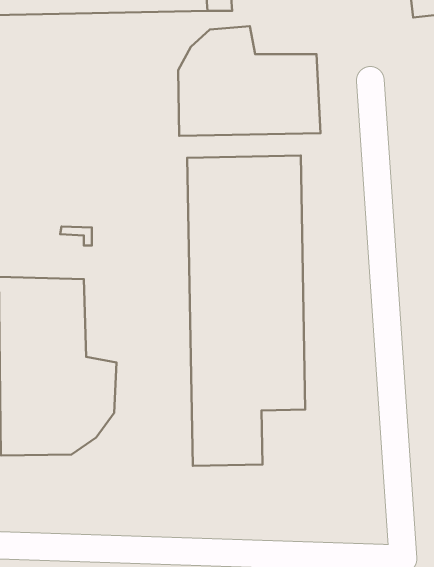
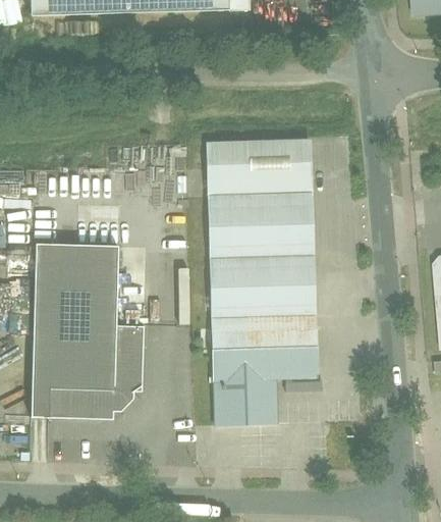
building: [178,26,321,136] -> none

